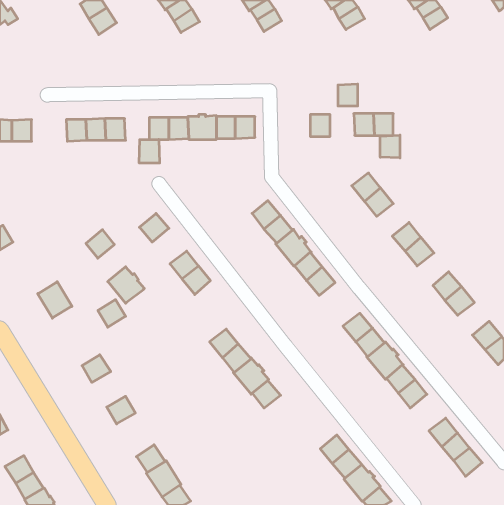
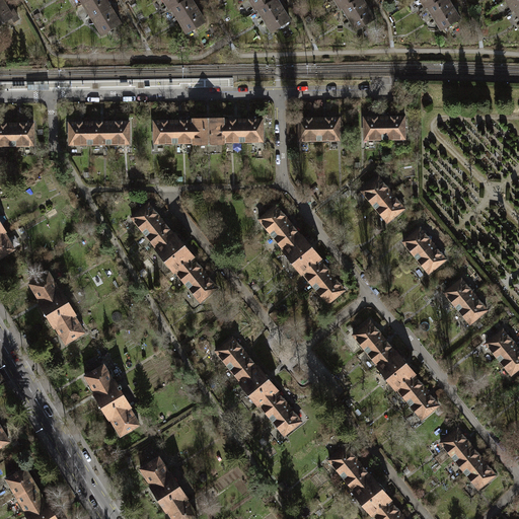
building: [338,84,358,106] -> [298,118,318,140]
building: [380,135,400,158] -> none
building: [139,139,160,163] -> none
building: [86,230,114,258] -> [131,204,160,233]
building: none -> [29,273,58,301]
building: [108,267,144,303] -> [155,234,193,272]
building: [98,300,126,327] -> [55,314,83,343]
building: none -> [93,381,130,419]
building: none -> [271,405,300,435]

